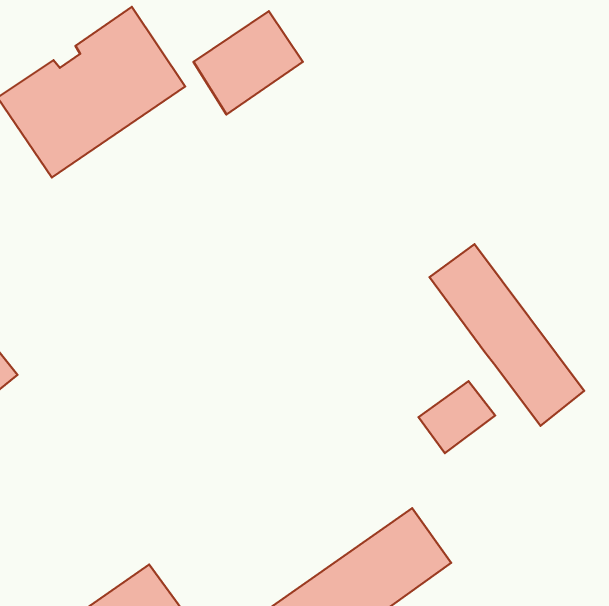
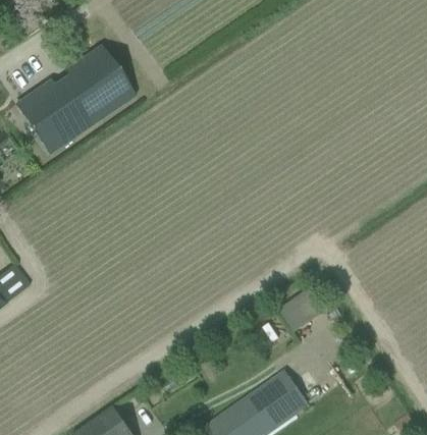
building: [193,11,303,114] -> none
building: [430,244,584,426] -> none

